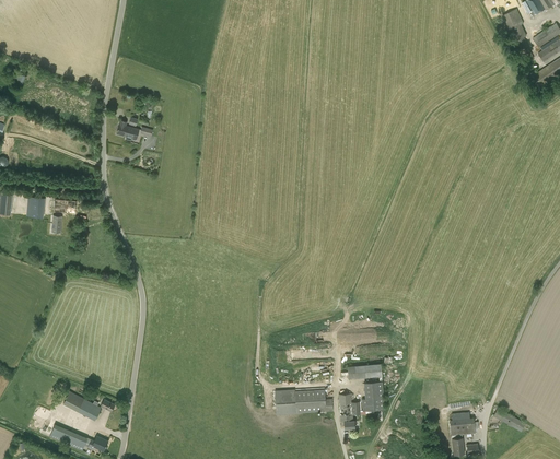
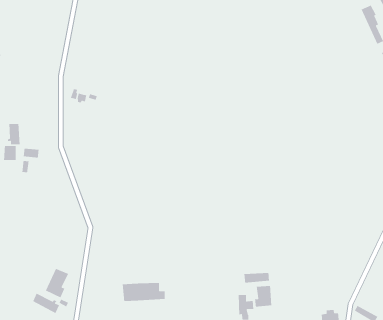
building: none -> [7,123,21,145]
building: none -> [45,268,69,298]
building: [275,388,332,414] -> [122,282,166,302]

